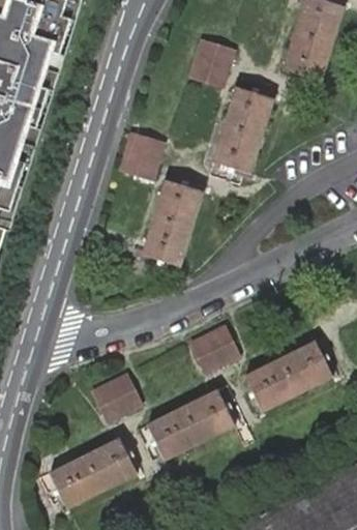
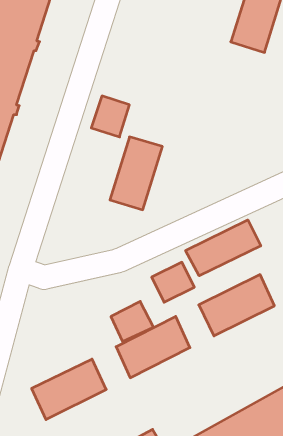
building: [190,41,231,85] -> none
building: [211,87,272,173] -> none
building: none -> [186,220,261,276]
building: [92,374,142,420] -> [111,301,154,341]

